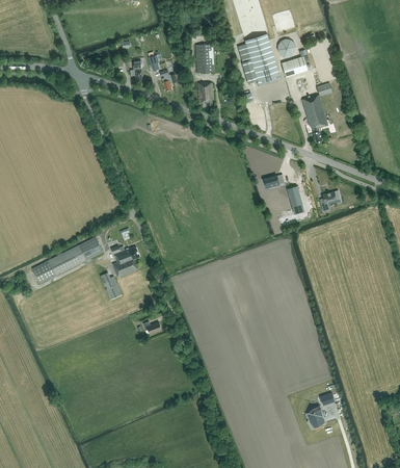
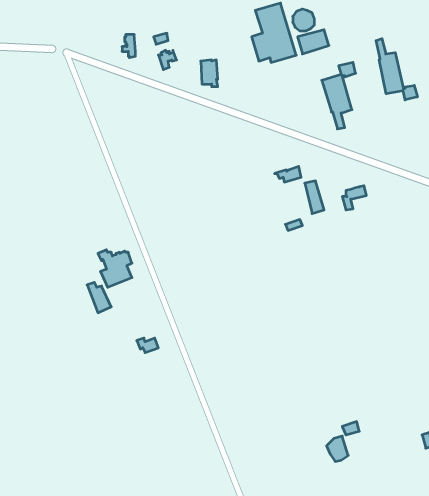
building: [194,44,213,73] -> none
building: none -> [376,39,417,100]
building: [31,236,103,283] -> none

